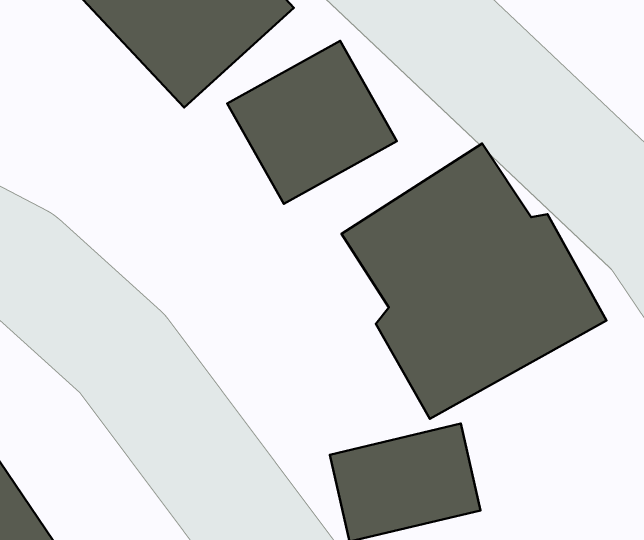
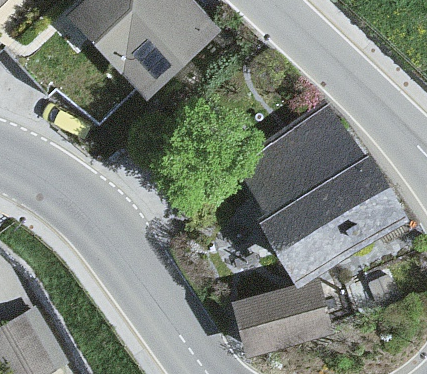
building: [227,41,397,204] -> none

